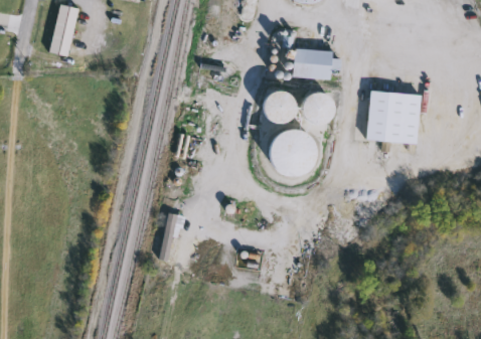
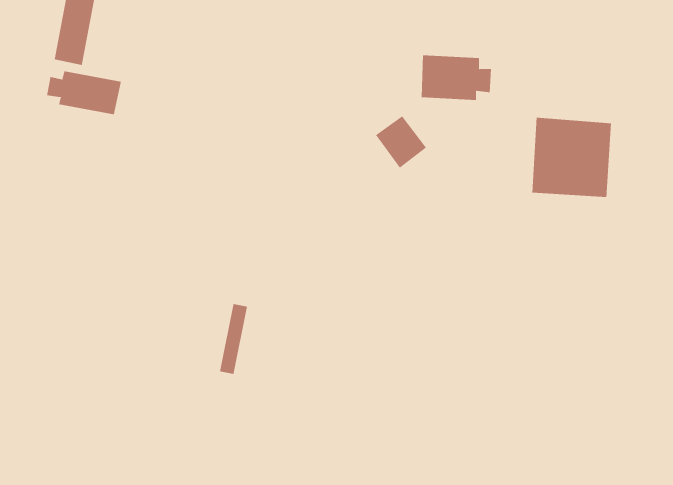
building: none -> [47,70,121,115]
building: [299,90,336,127] -> none
building: [276,130,309,175] -> none

